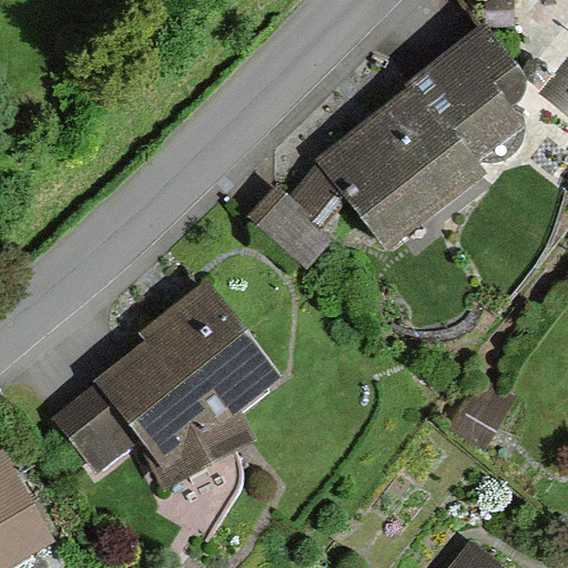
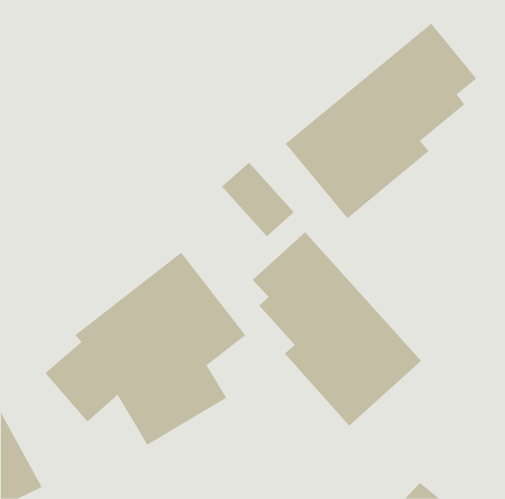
building: none -> [252,232,422,426]

